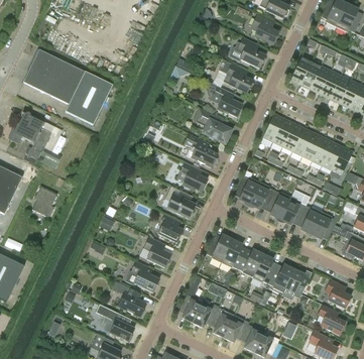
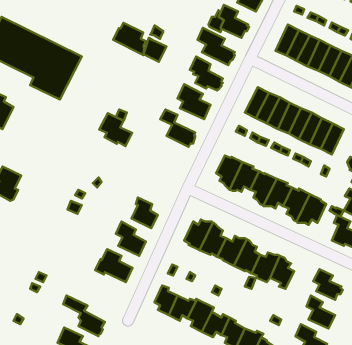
building: none -> [113,23,146,55]
building: [177,161,208,192] -> [99,113,132,146]
building: [165,186,193,218] -> none
building: [111,280,146,317] -> none

